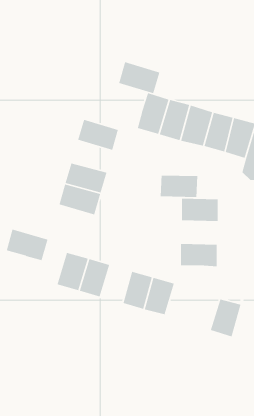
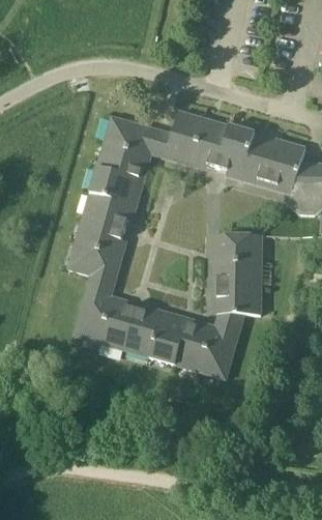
building: [118,61,163,94] -> [104,114,155,152]
building: none -> [89,165,138,202]
building: [160,175,198,198] -> [216,259,261,286]
building: [6,228,48,262] -> [67,240,117,280]
building: none -> [123,310,159,355]
building: [210,295,244,338] -> [199,327,238,377]

